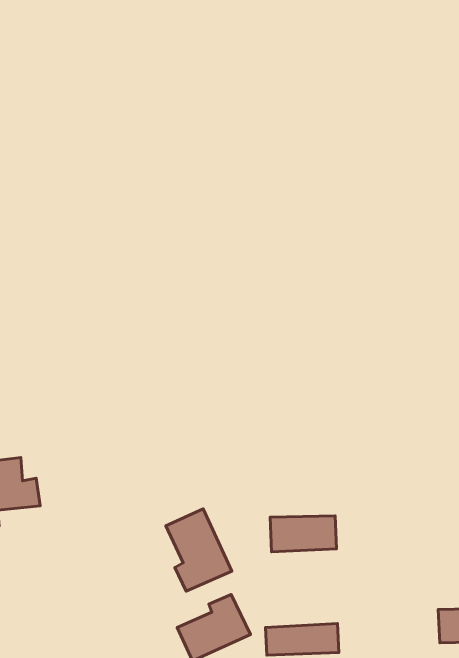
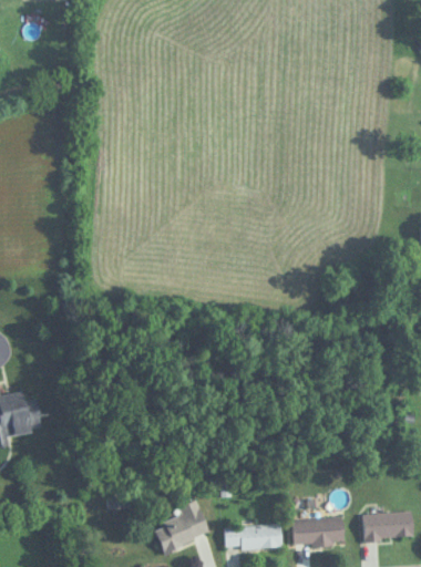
building: [166,509,232,591] -> none
building: [270,516,337,552] -> [291,517,345,546]

